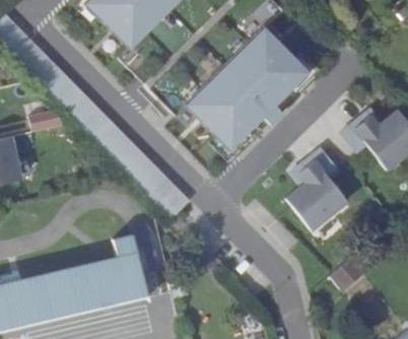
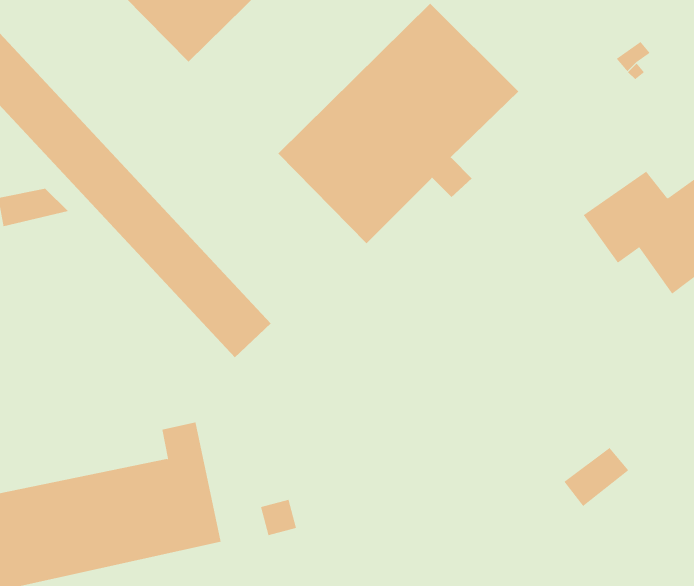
building: [277,150,339,233] -> none

